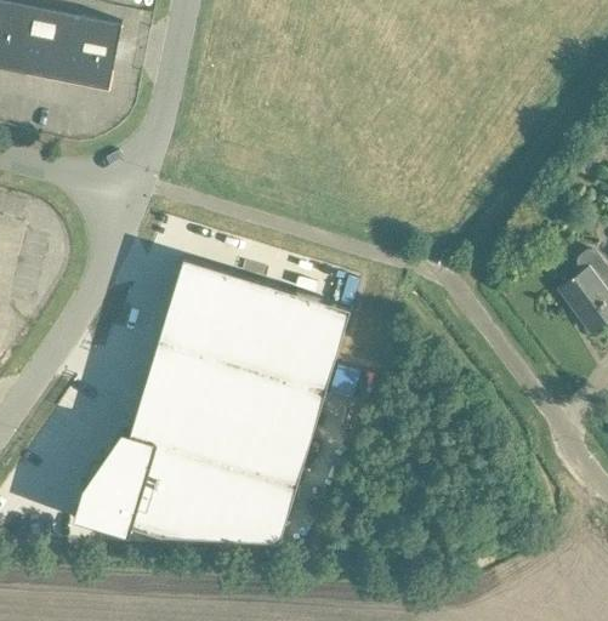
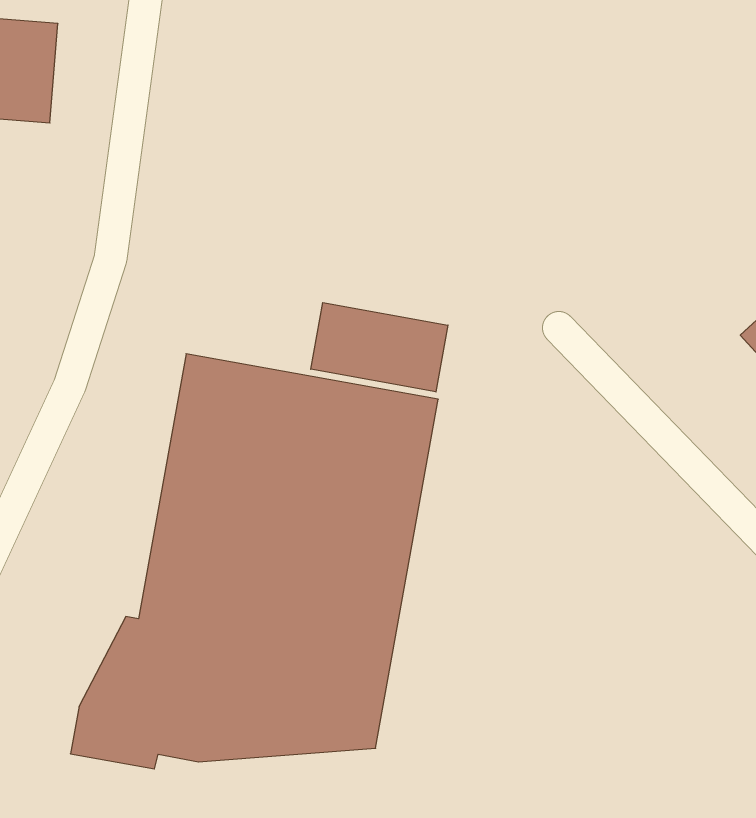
building: none -> [311,303,448,392]

